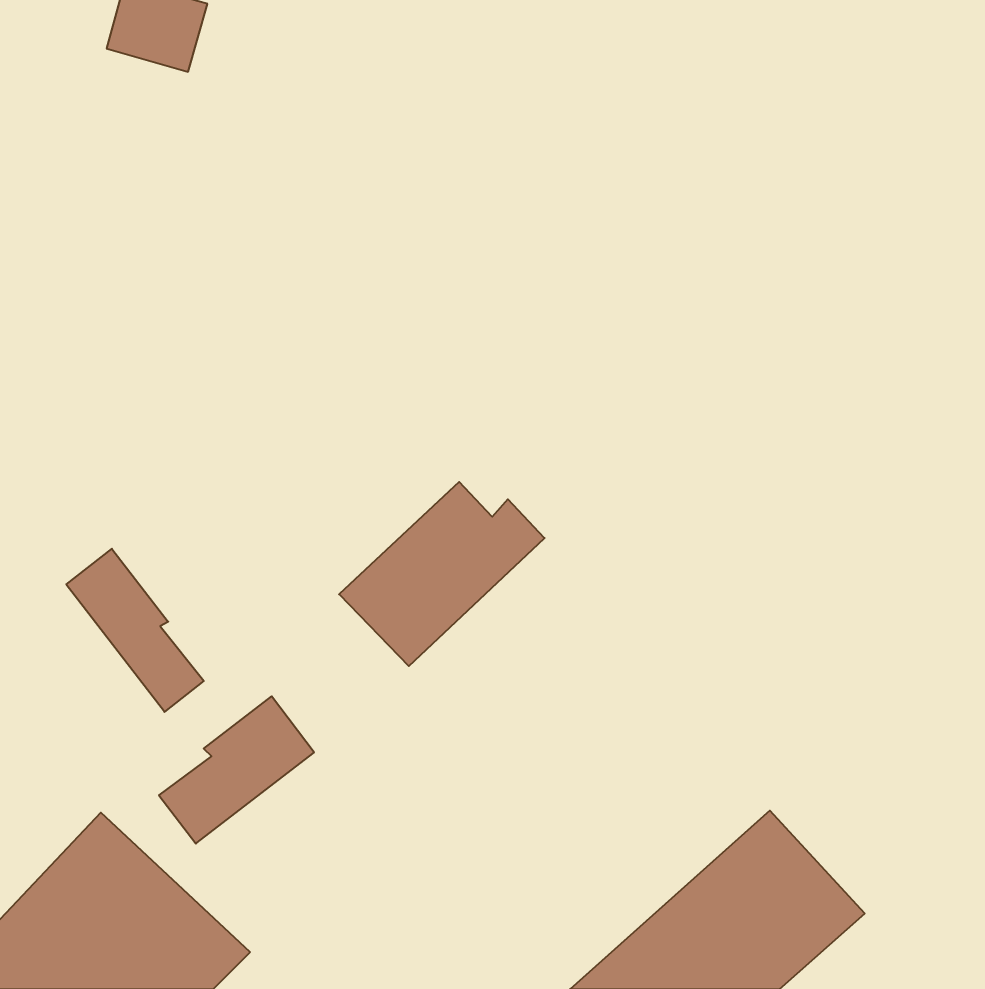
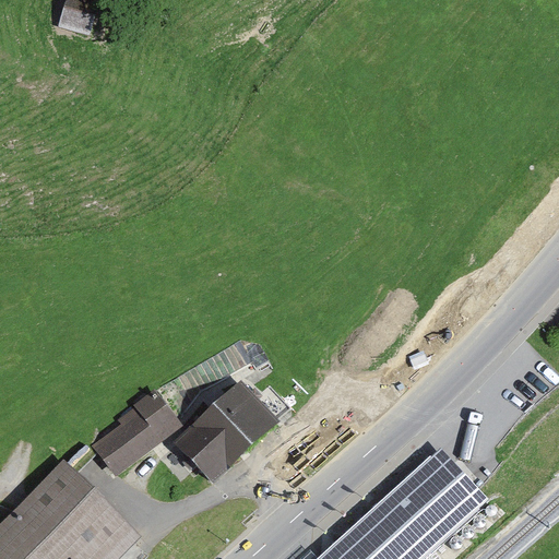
building: [339,482,545,666] -> [171,379,287,483]
building: [66,549,204,712] -> none

